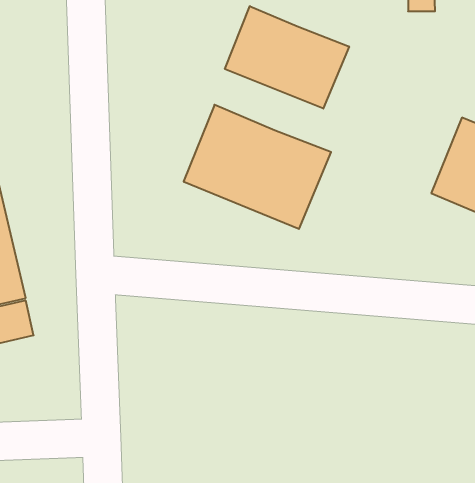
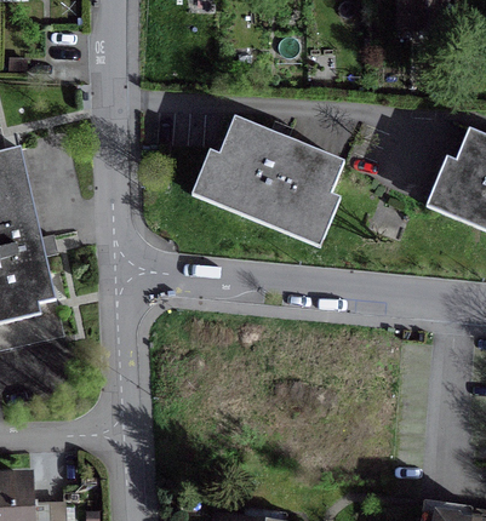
building: [225,6,349,109] -> none

